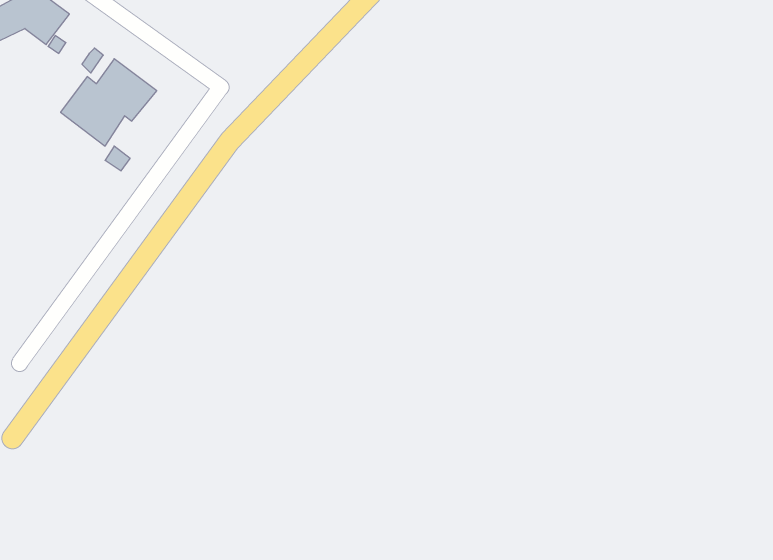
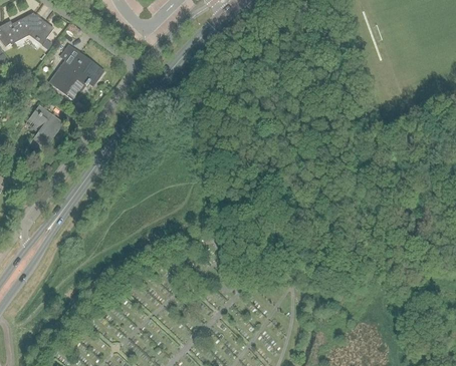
building: none -> [27,103,63,152]

